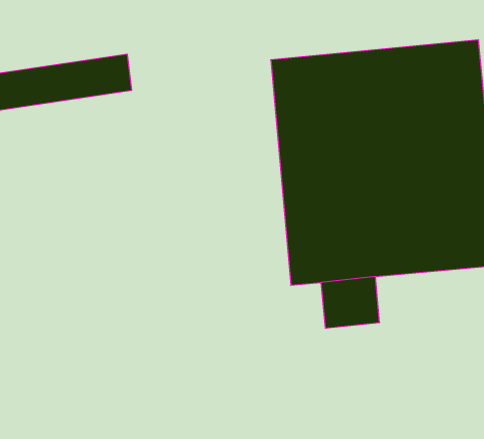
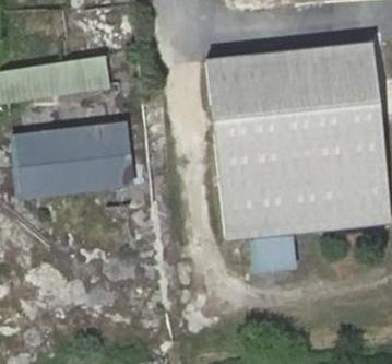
building: none -> [13,124,130,196]

